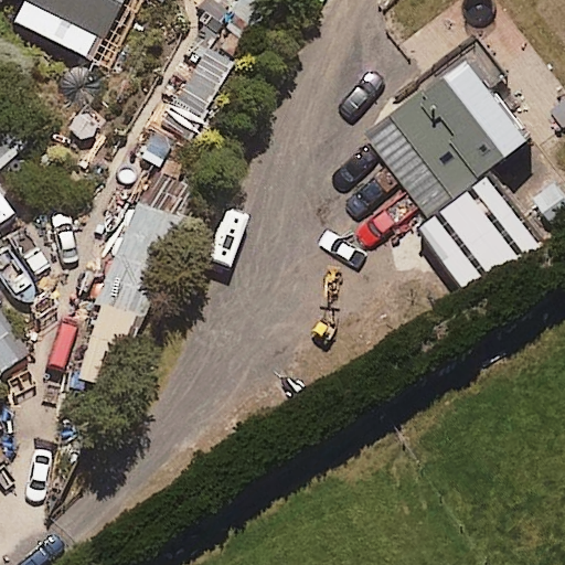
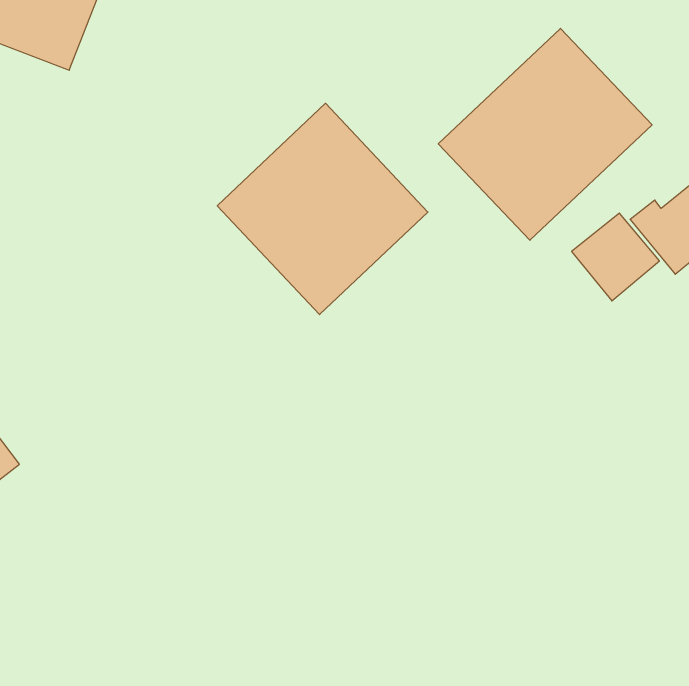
building: none -> [217,103,428,315]

